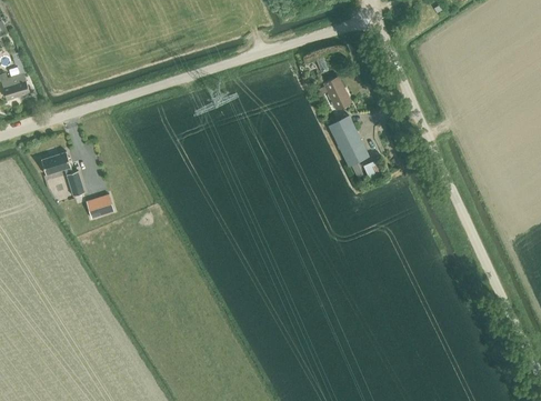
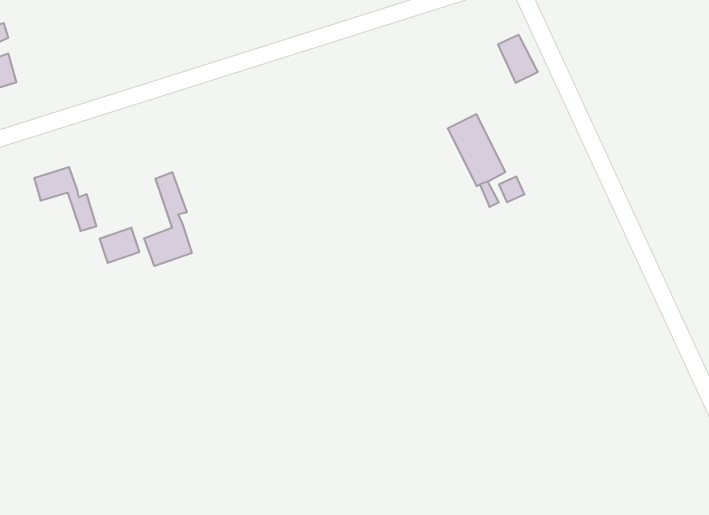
building: [323,76,351,109] -> [498,35,538,83]
building: none -> [144,172,192,266]

